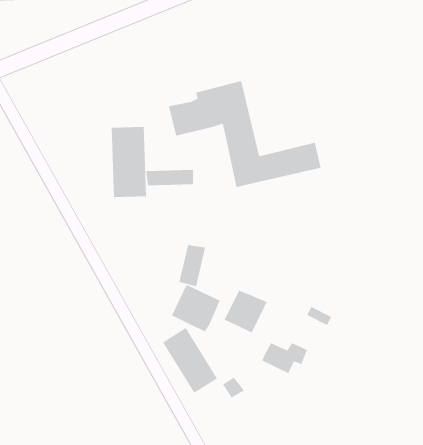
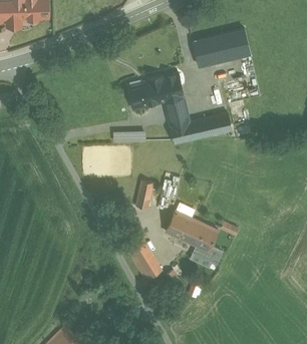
building: none -> [193,29,250,66]
building: [111,126,146,198] -> none
building: [171,284,221,332] -> [185,220,218,252]

